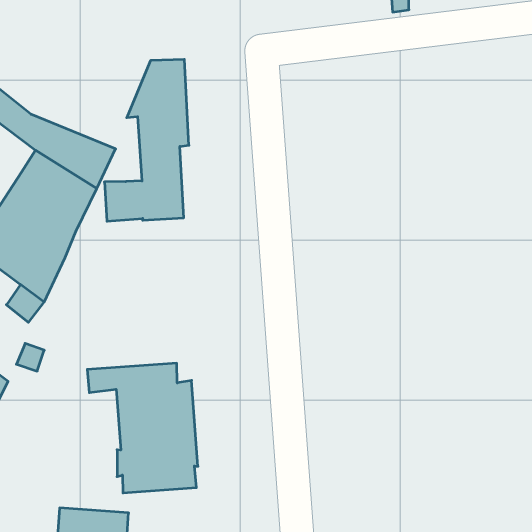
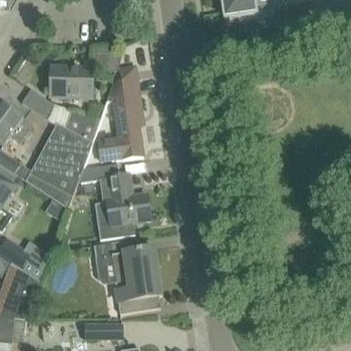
building: none -> [49,48,121,96]
building: none -> [76,162,148,239]

